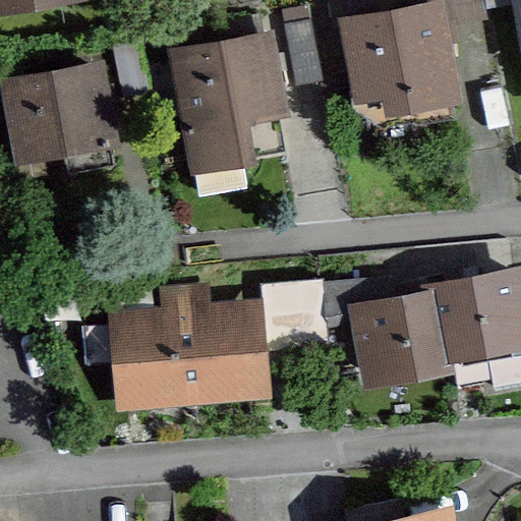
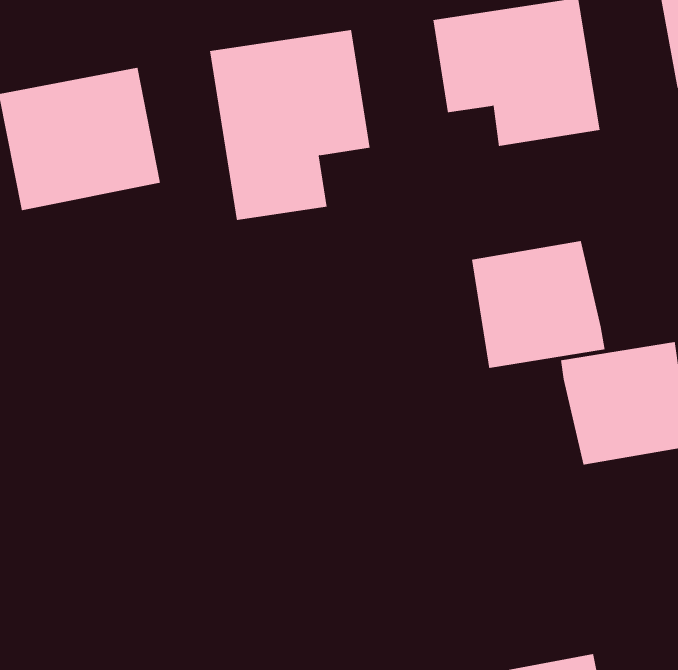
building: [349,294,451,391] -> [471,241,606,368]
building: [114,299,273,412] -> none

